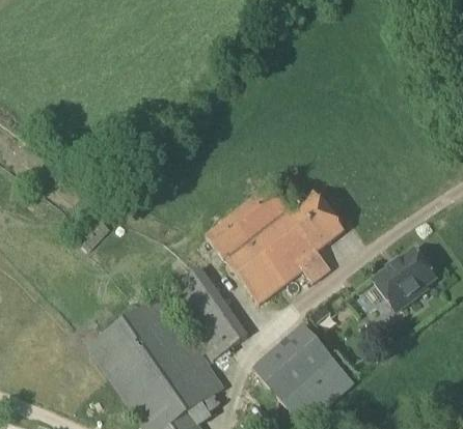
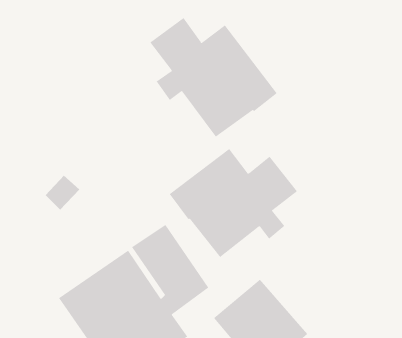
building: none -> [149,17,277,138]
building: [371,246,438,313] -> none

